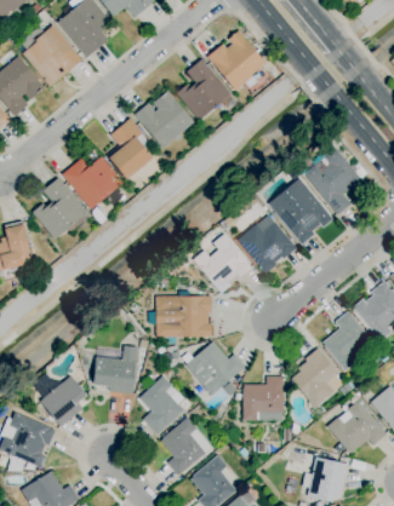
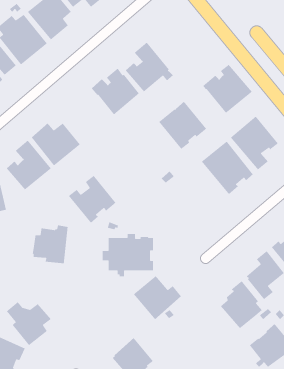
building: [206,30,268,91] -> [202,64,253,114]
building: [105,117,153,179] -> none
building: [236,214,296,274] -> [158,101,207,150]
building: [193,234,252,293] -> [68,175,117,224]
building: [92,345,137,393] -> [32,224,69,264]
building: [138,375,183,435] -> none
building: [242,376,282,420] -> none

